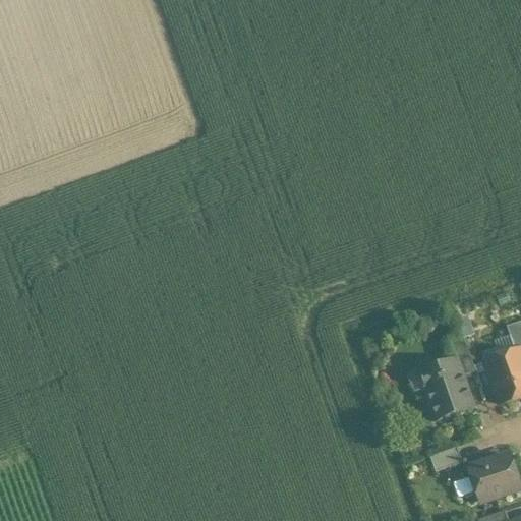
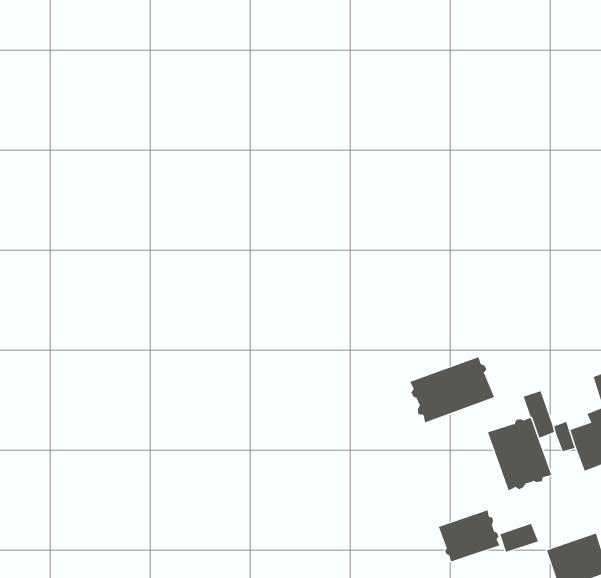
building: none -> [410,357,495,423]
building: none -> [438,509,500,562]

